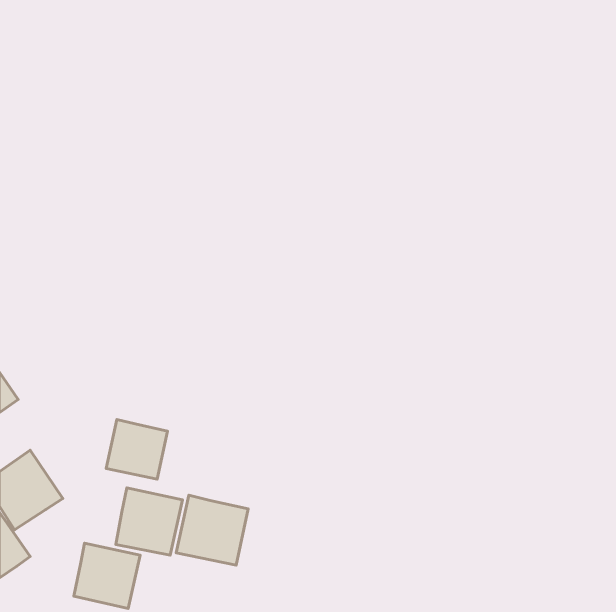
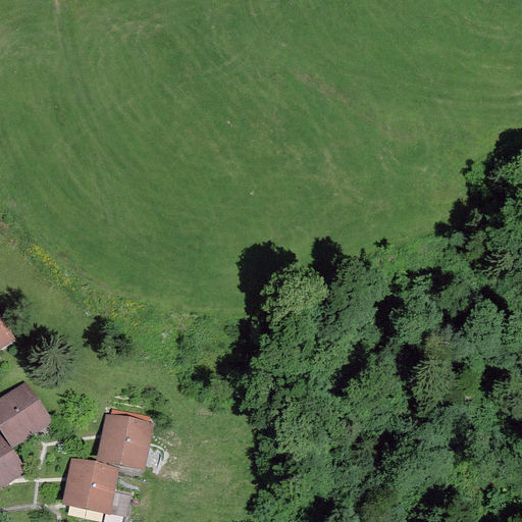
building: [106,419,167,479] -> none
building: [176,495,248,565] -> none

